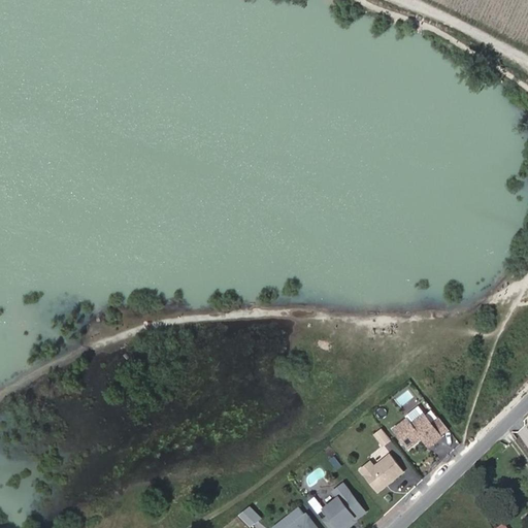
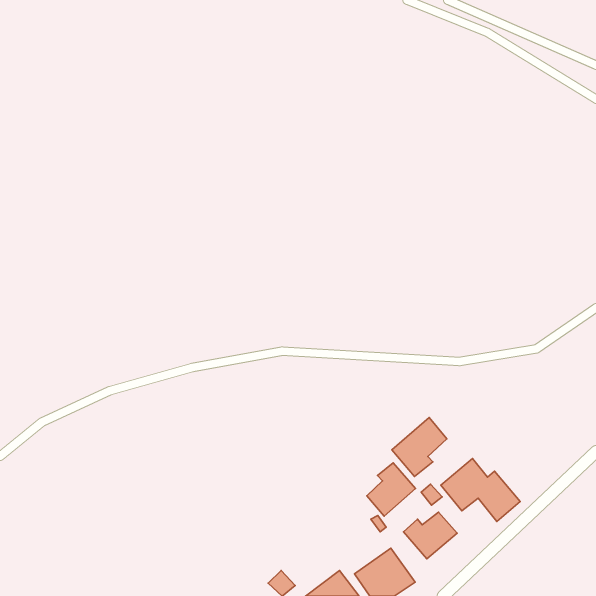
building: none -> [392,418,447,477]
building: none -> [367,463,415,516]

